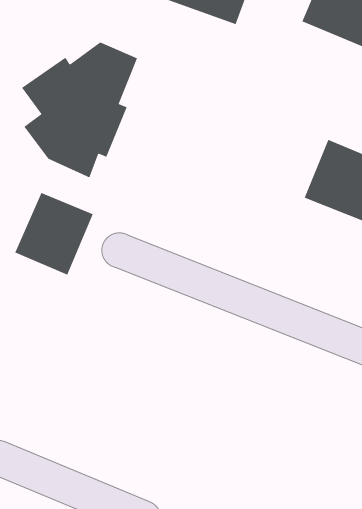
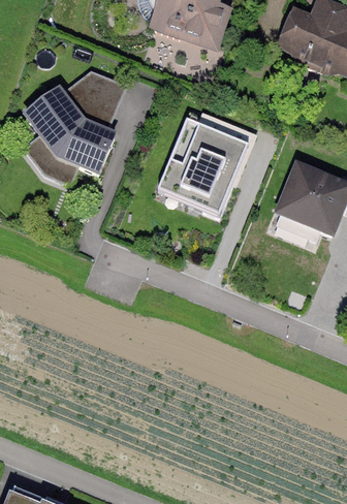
building: none -> [157,115,249,213]
building: [14,192,94,276] -> none

